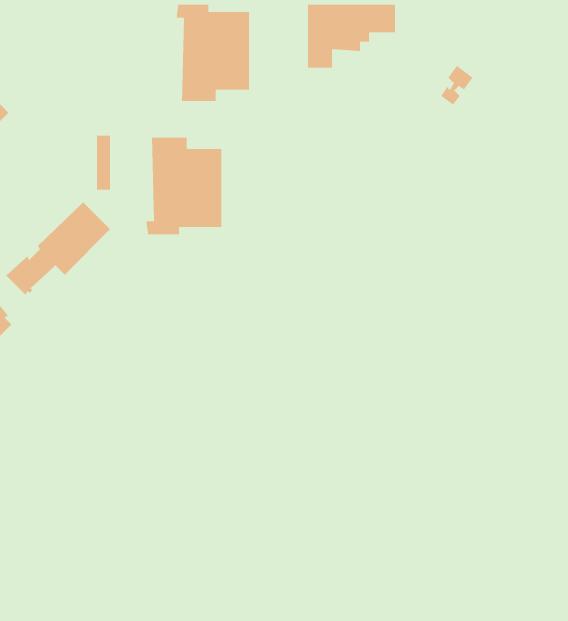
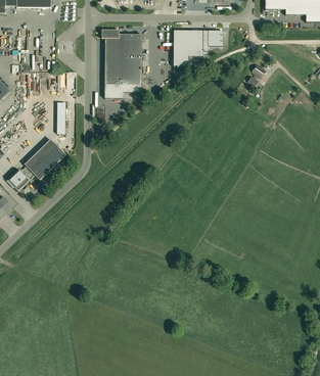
building: [146,137,222,235] -> none

